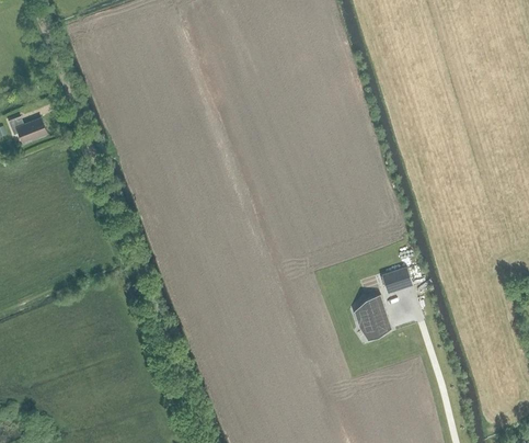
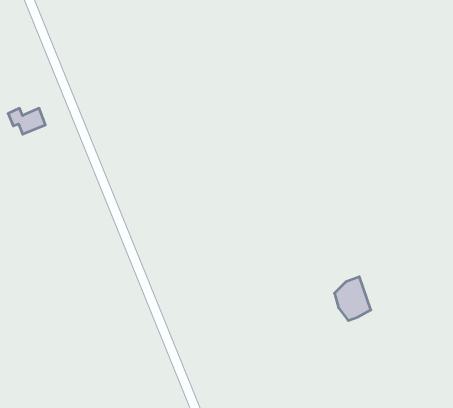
building: [380,268,412,293] -> none

